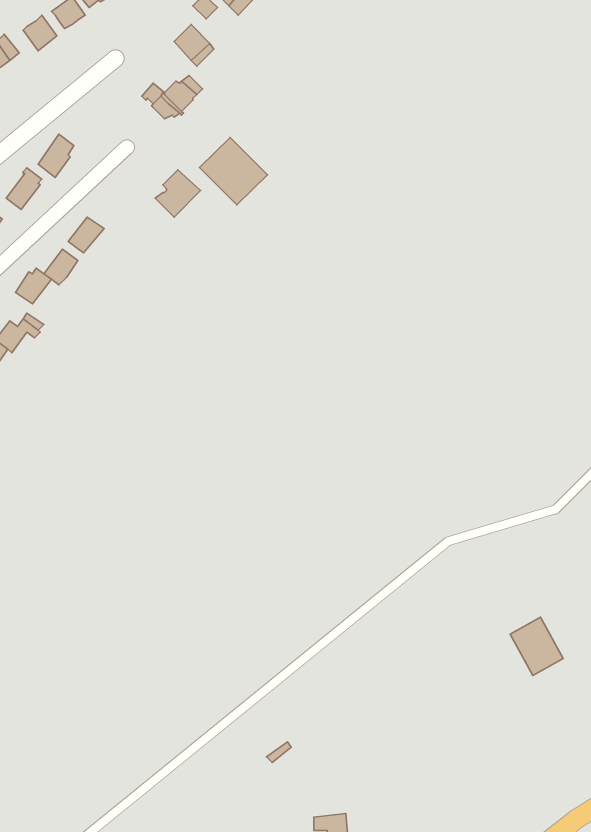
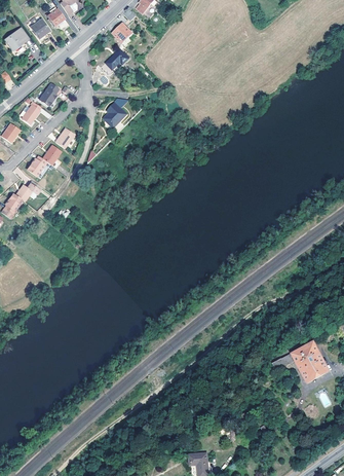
building: [199,137,268,205] -> none

